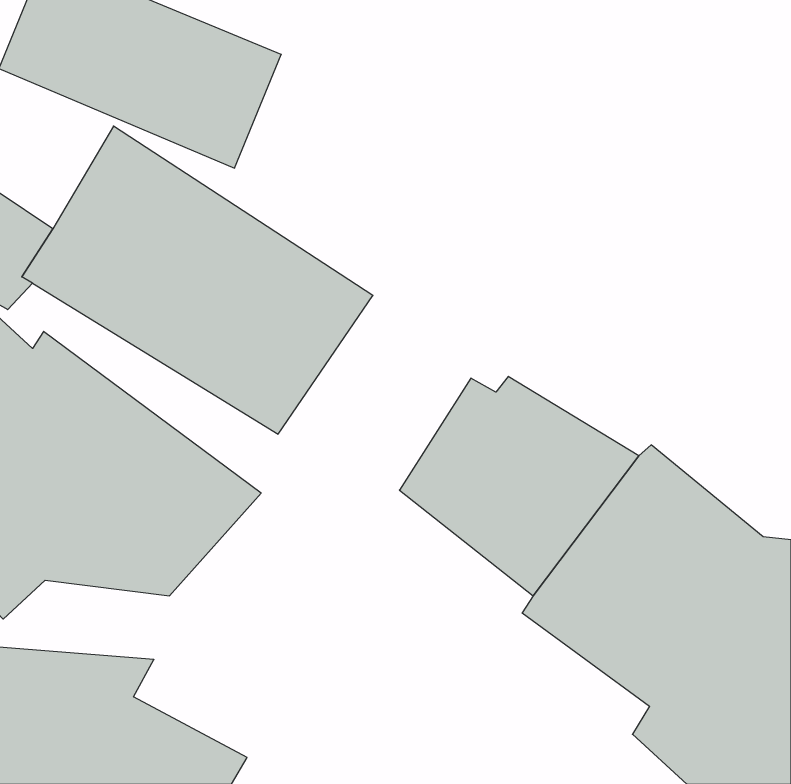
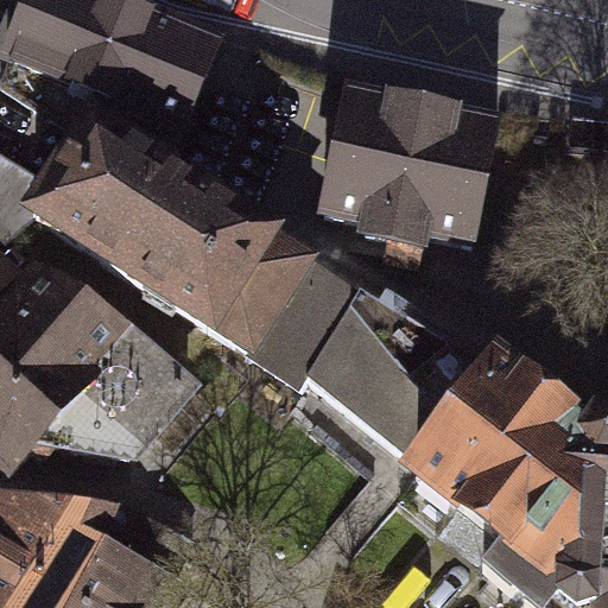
building: none -> [319,90,498,248]
building: none -> [213,226,360,388]

